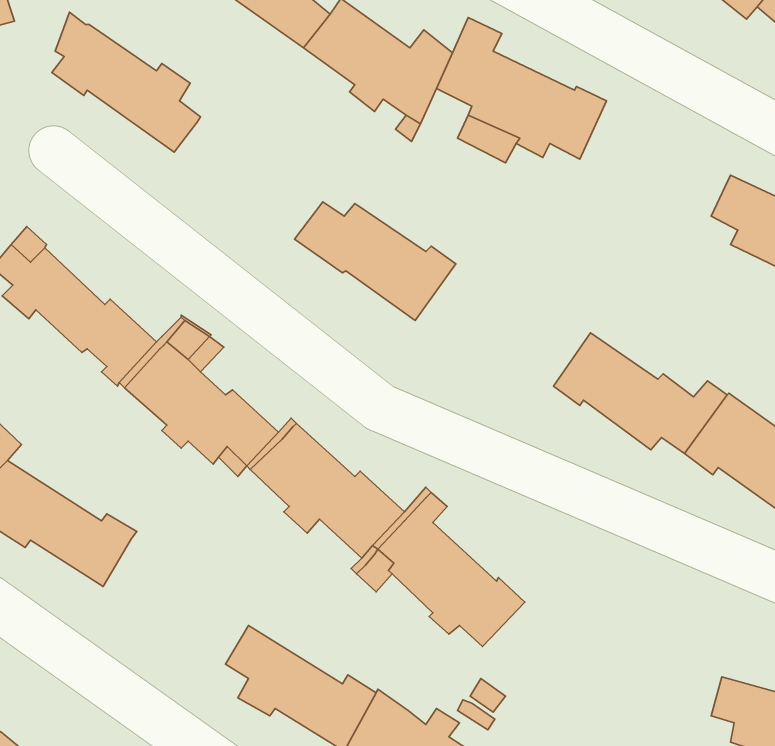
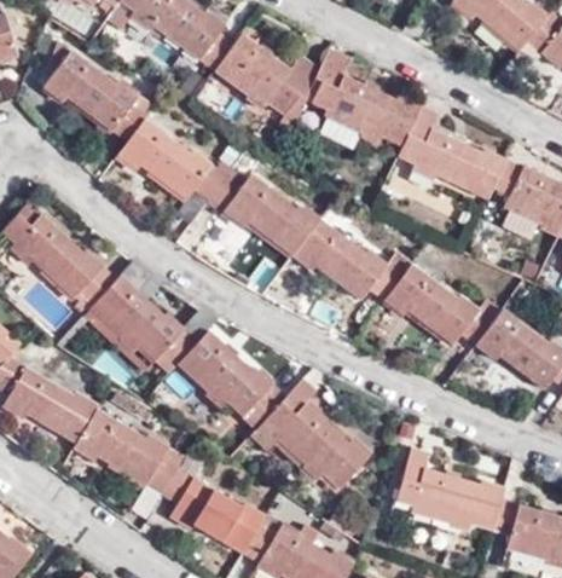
building: none -> [401,109,506,200]
building: none -> [117,123,228,203]
building: none -> [291,220,413,304]
building: none -> [75,408,182,493]
building: none -> [398,450,503,532]

